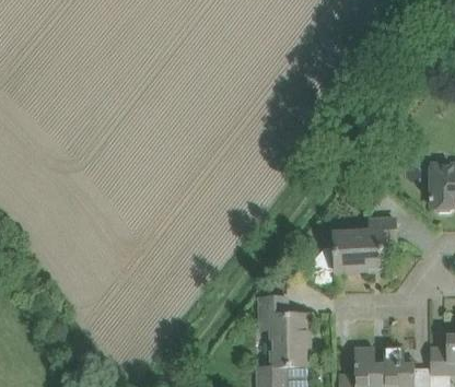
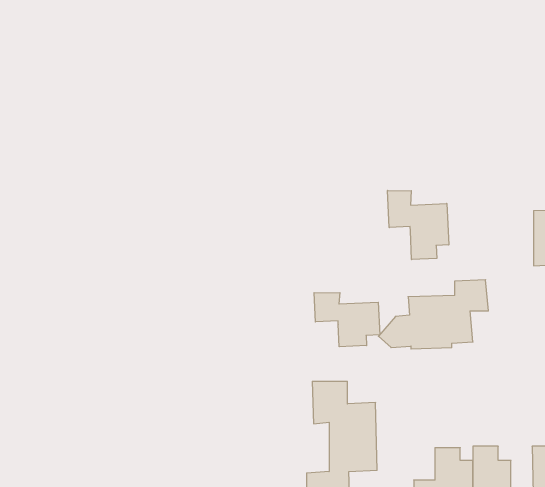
building: none -> [388,190,449,260]
building: none -> [314,293,380,347]

